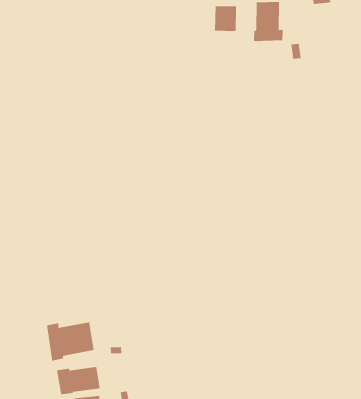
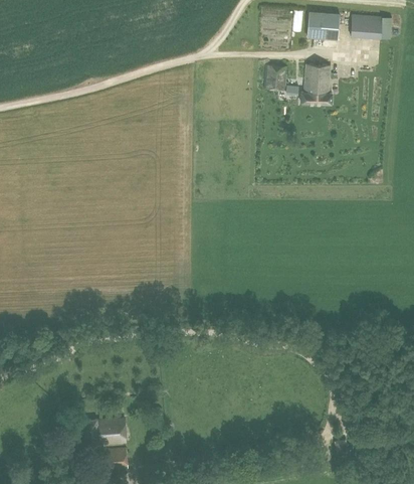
building: [46,321,94,361] -> none

